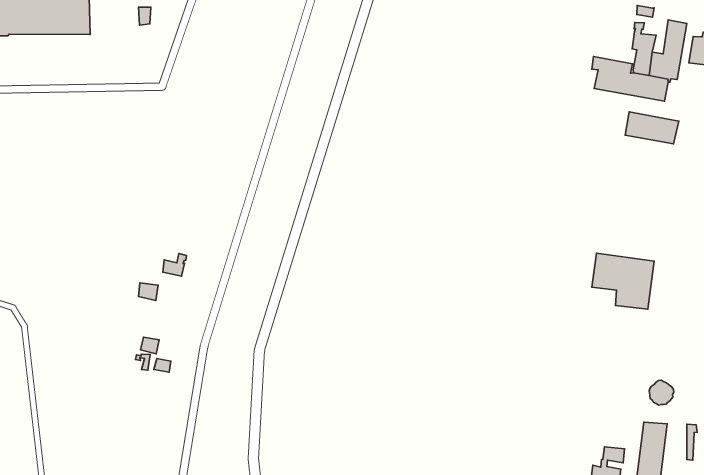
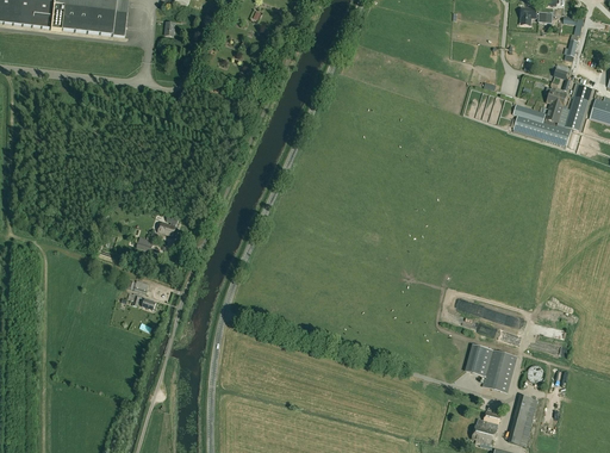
building: [625,112,679,144] -> none
building: [592,253,654,309] -> [466,343,517,392]

